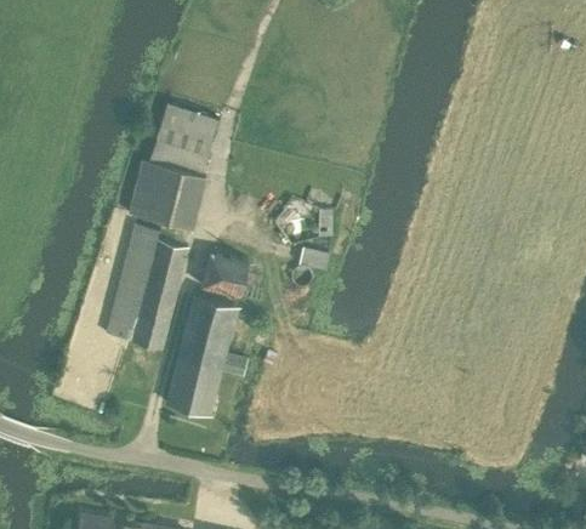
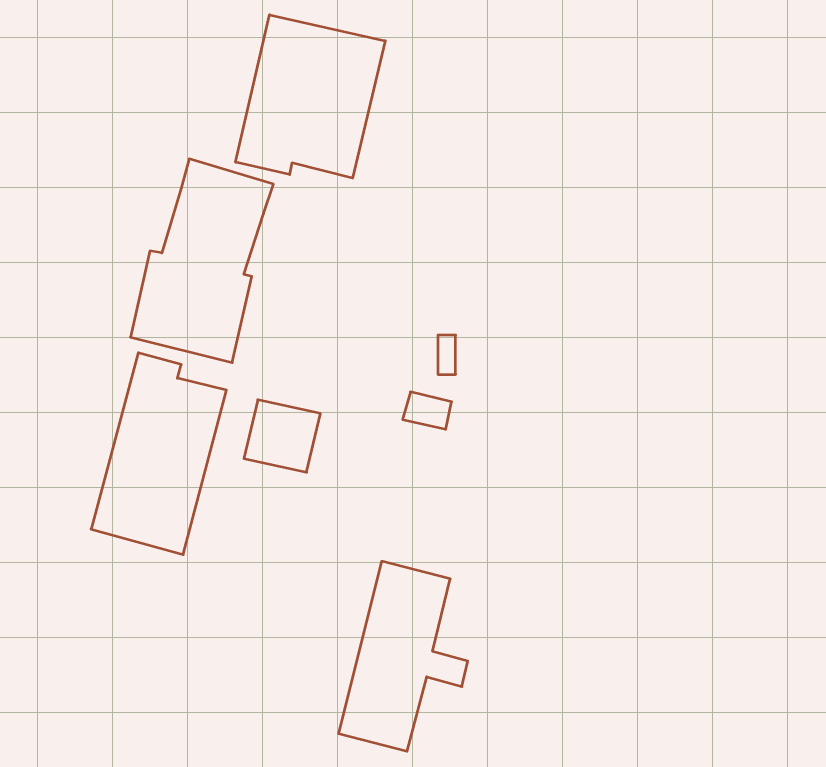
building: none -> [236,15,385,178]
building: [167,297,248,415] -> [339,561,468,751]

